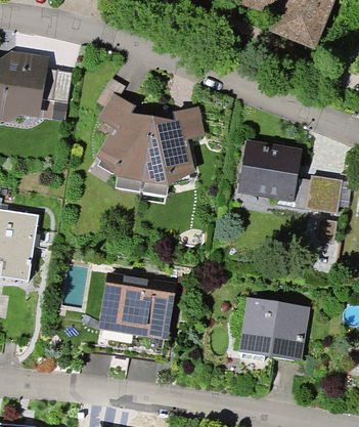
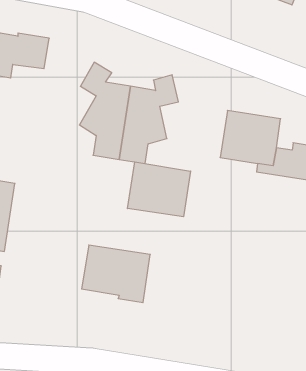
building: none -> [127,162,191,217]
building: [239,300,306,361] -> none

